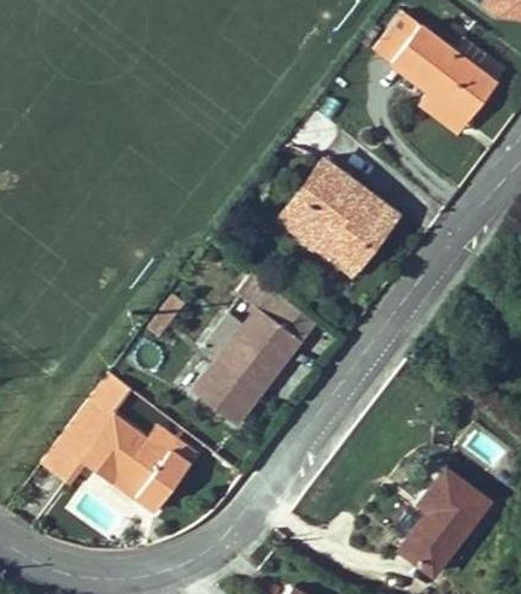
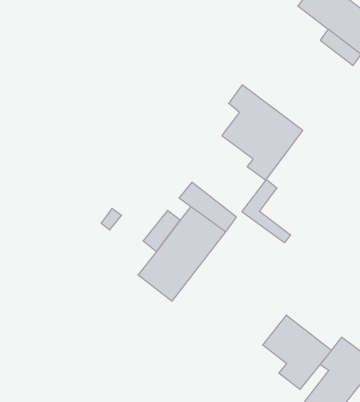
building: [276,181,336,259] -> [242,180,291,243]
building: [43,372,189,512] -> none
building: none -> [263,315,331,389]

